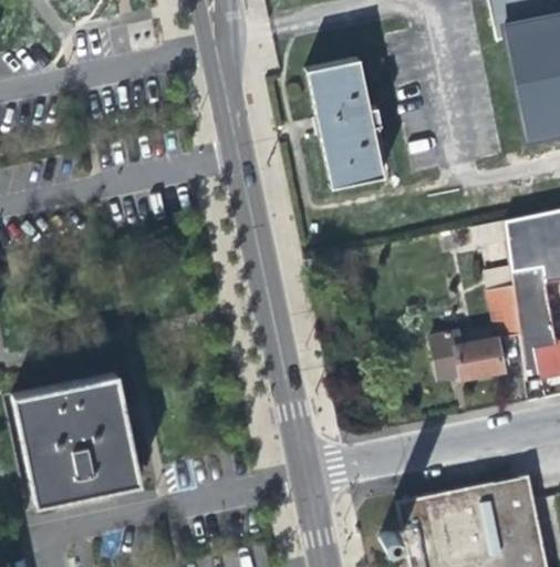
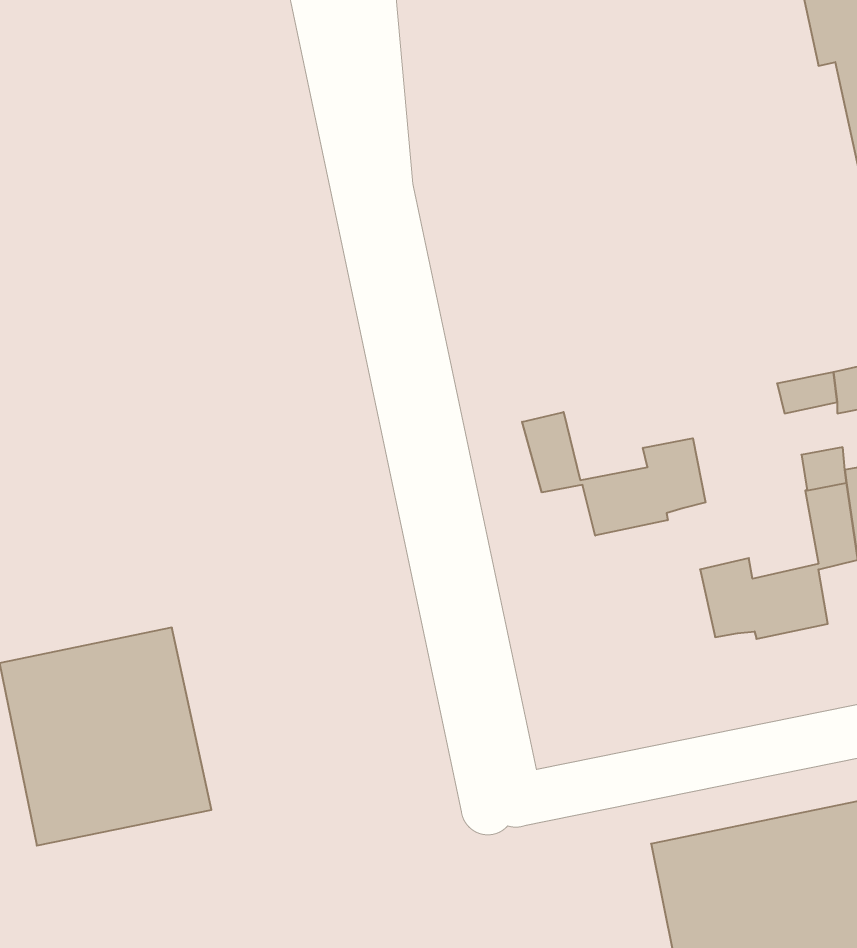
building: [310,62,388,192] -> none
building: none -> [522,412,706,536]

